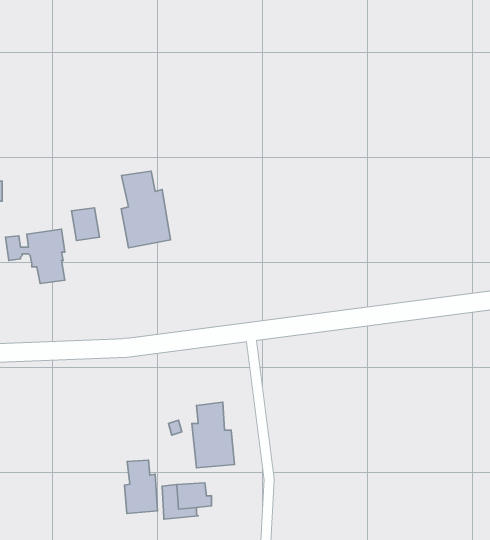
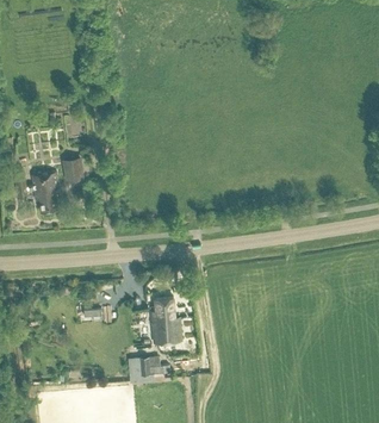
building: [121,171,171,248] -> none
building: [125,460,157,513] -> none

